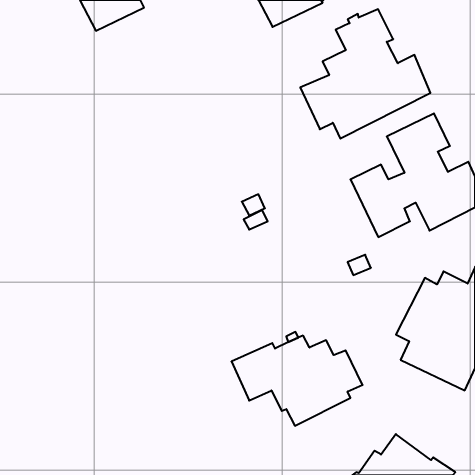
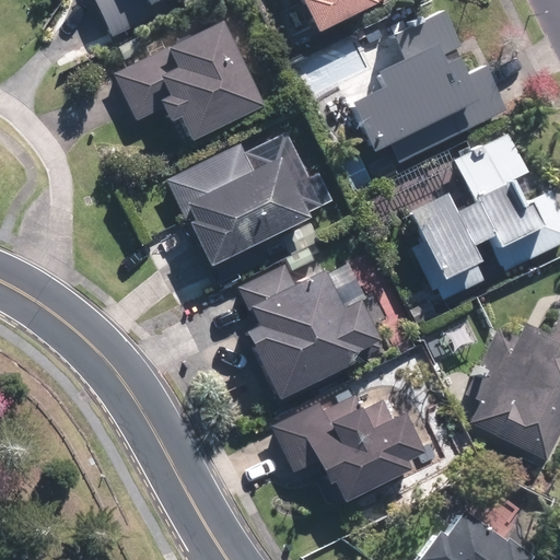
building: none -> [115,21,265,140]
building: none -> [182,158,312,284]
building: none -> [237,264,383,399]

